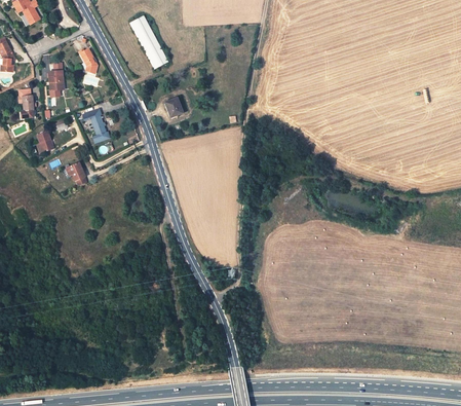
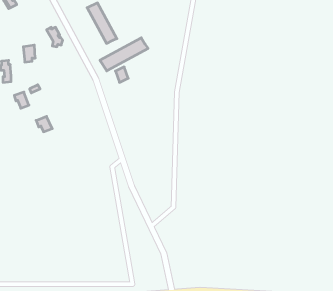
building: none -> [100,38,148,71]
building: [83,108,111,143] -> none

